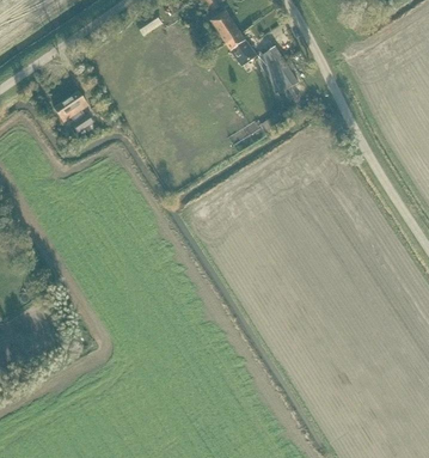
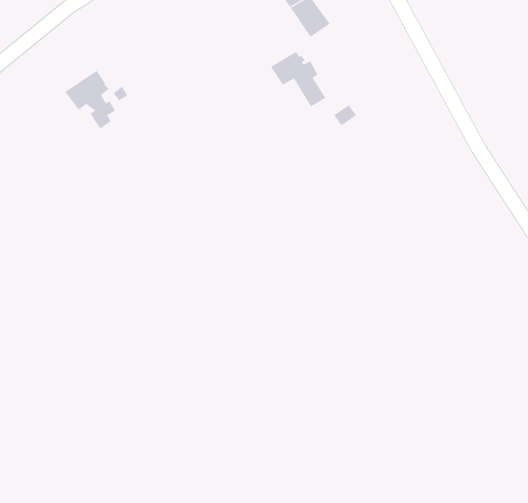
building: [255,44,298,87] -> [270,51,326,107]

